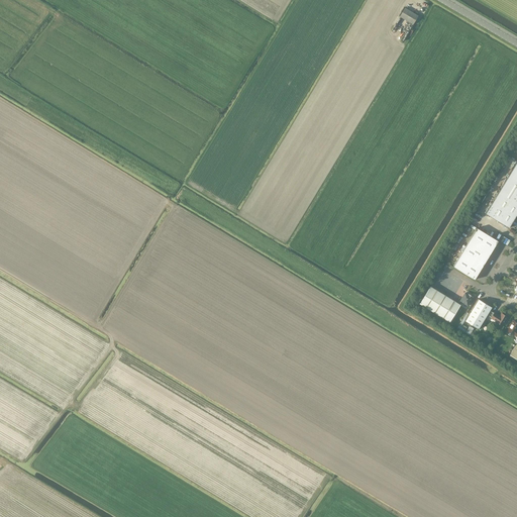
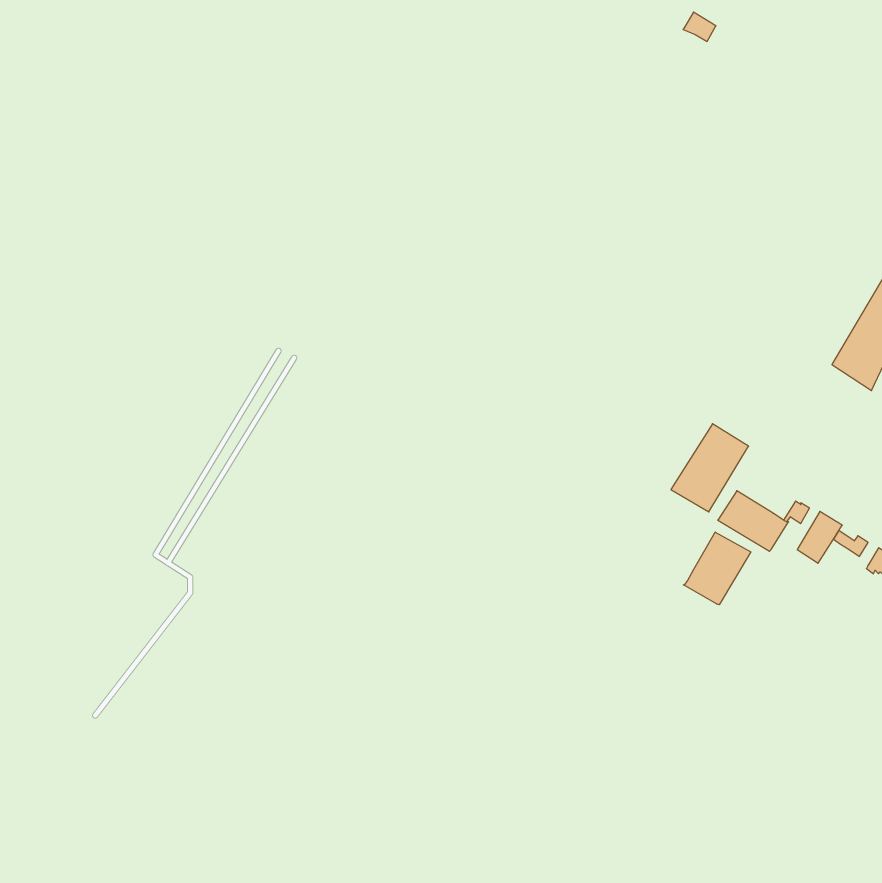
building: [453,228,499,280] -> [671,424,749,512]
building: none -> [683,532,751,605]

